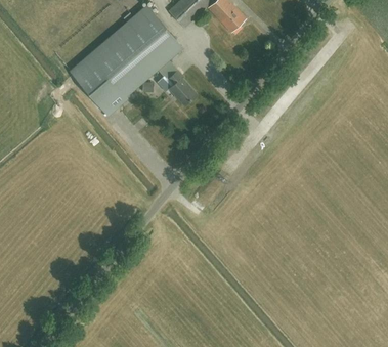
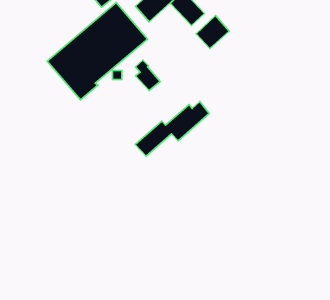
building: none -> [196,16,229,48]
building: none -> [135,102,209,156]

